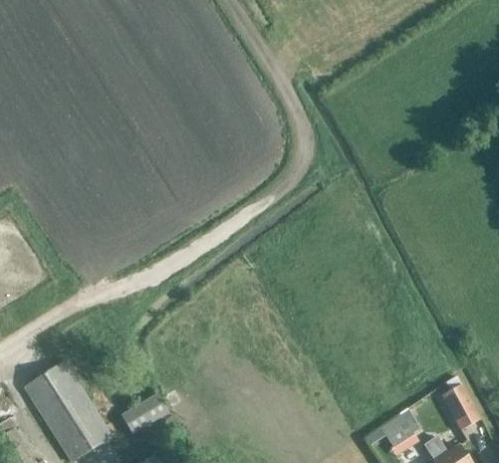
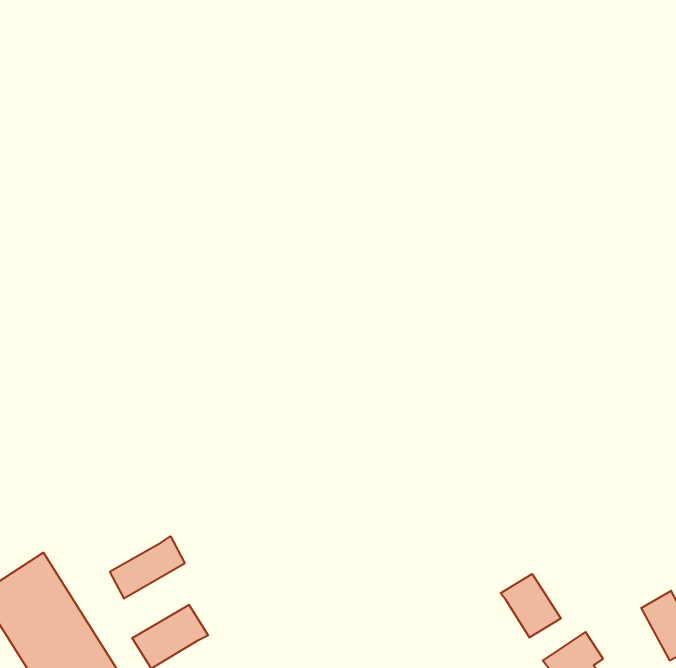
building: none -> [110,536,185,599]
building: none -> [501,574,561,638]

